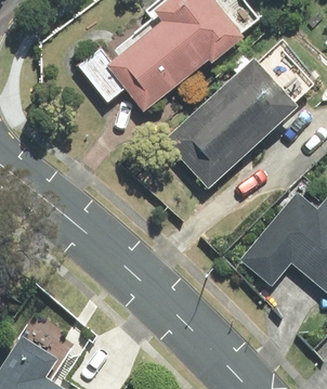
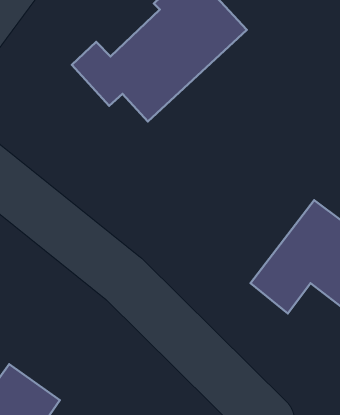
building: [161,60,292,192] -> none

